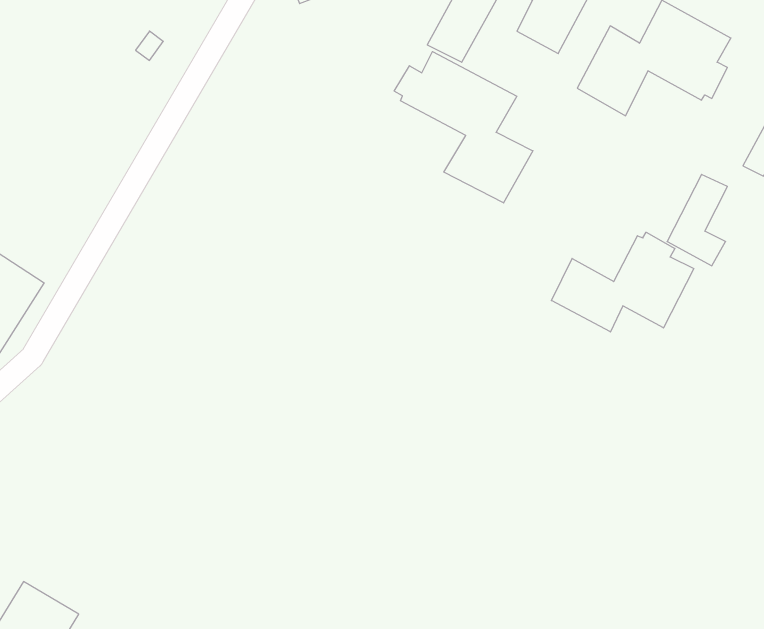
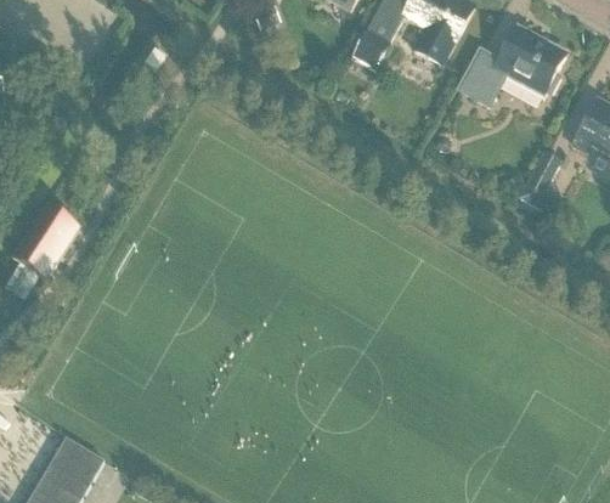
building: [394,52,533,203] -> none
building: [551,232,694,332] -> none

